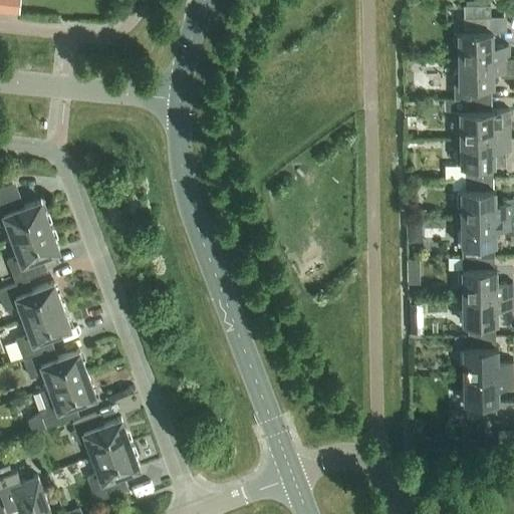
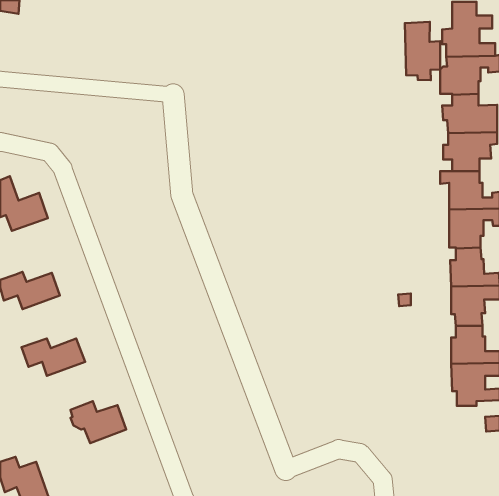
building: none -> [405,22,440,80]
building: [7,228,60,286] -> none
building: [16,307,71,360] -> none
building: [31,375,96,434] -> none
building: [87,445,140,503] -> none

